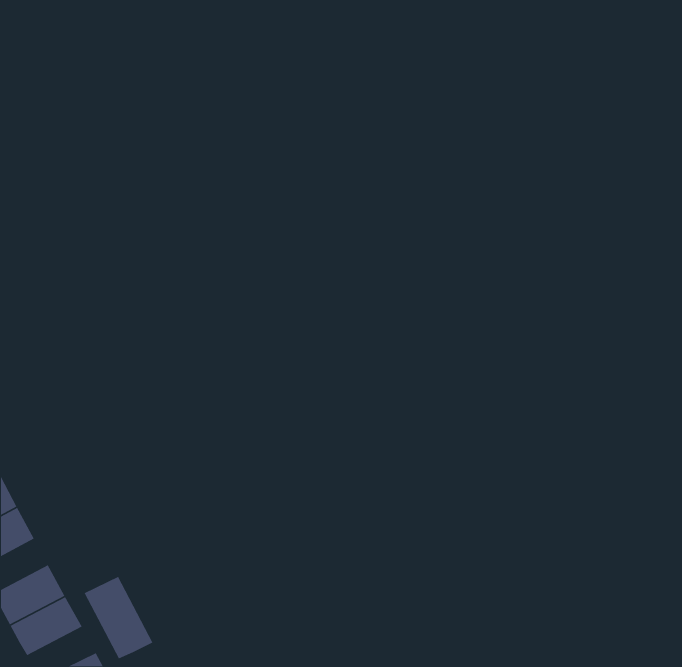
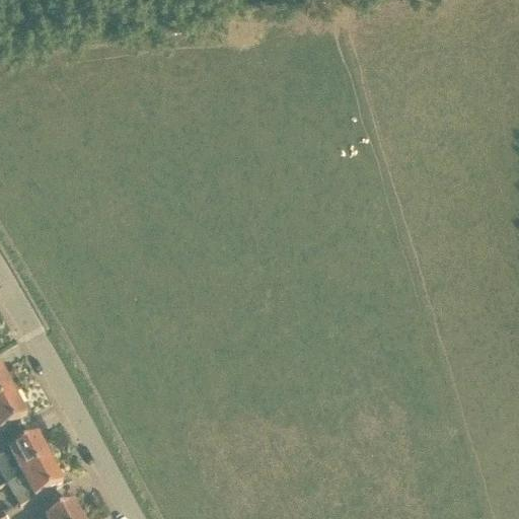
building: [84,576,154,659] -> none

